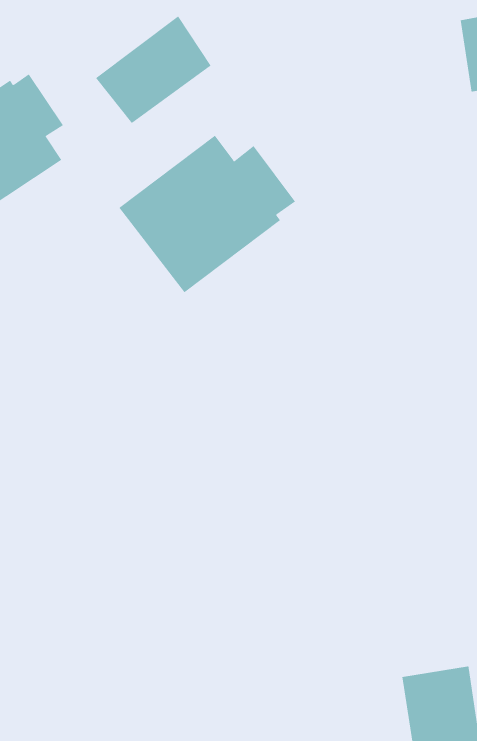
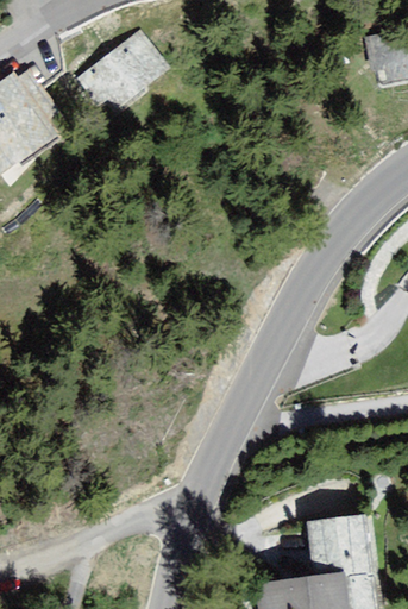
building: [119,135,296,293] -> none

